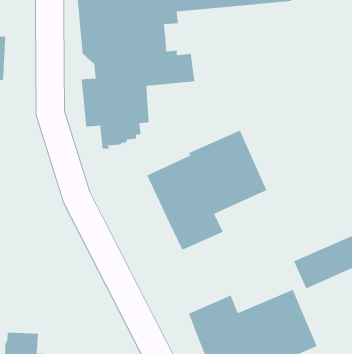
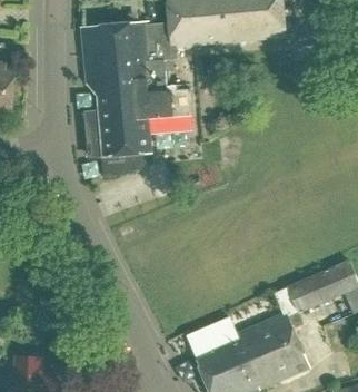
building: [147,130,267,251] -> none

